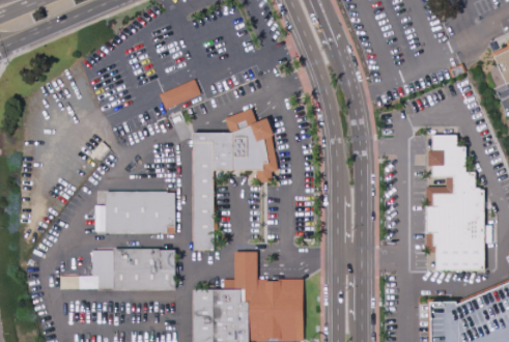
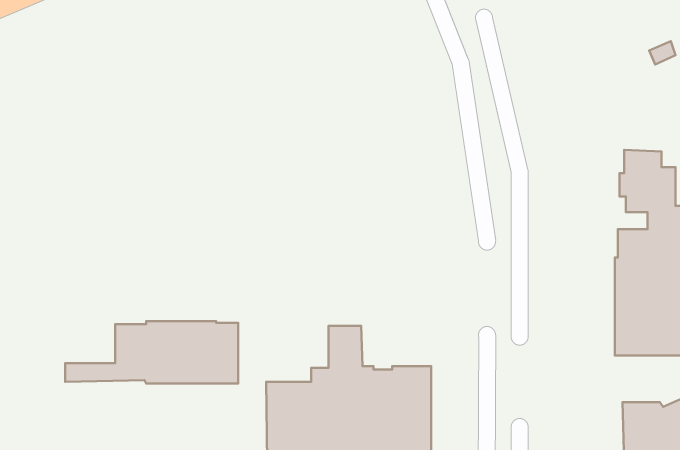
building: [160,79,201,109] -> none
building: [194,108,279,250] -> none
building: [95,192,175,233] -> none

